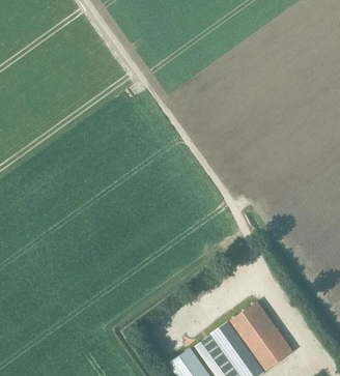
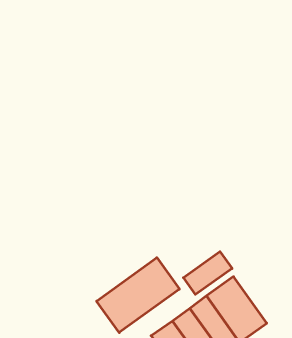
building: none -> [183,252,232,294]
building: none -> [97,258,179,333]

